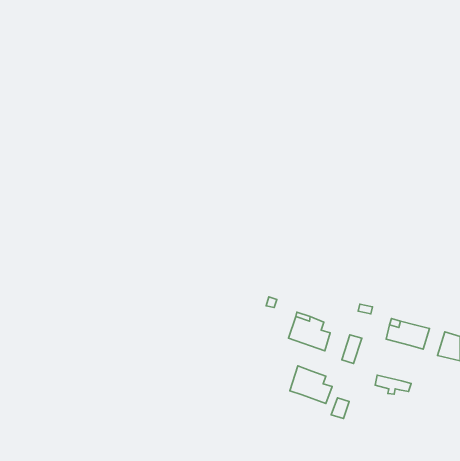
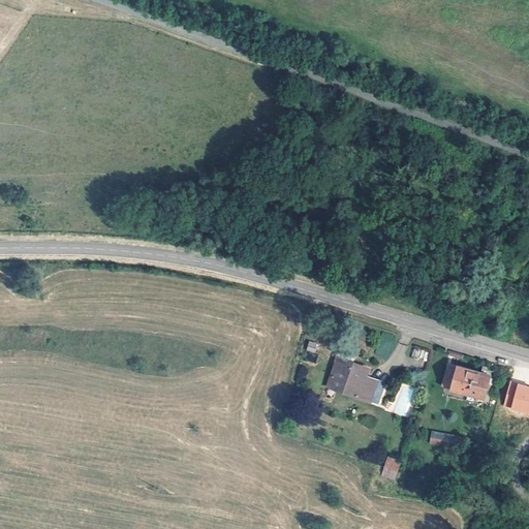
building: [290,366,332,404] -> none

